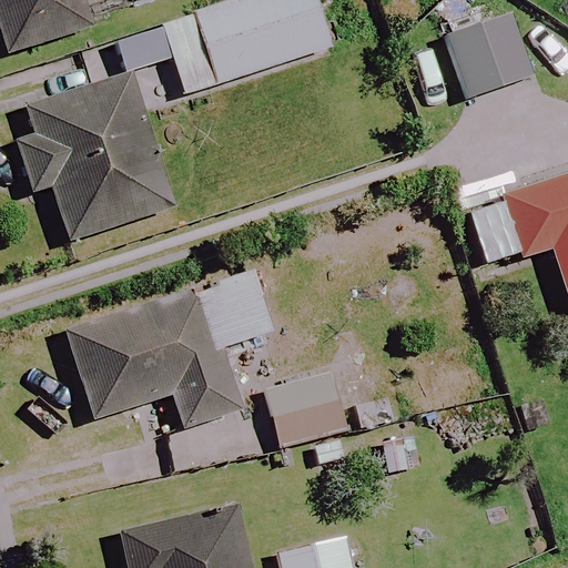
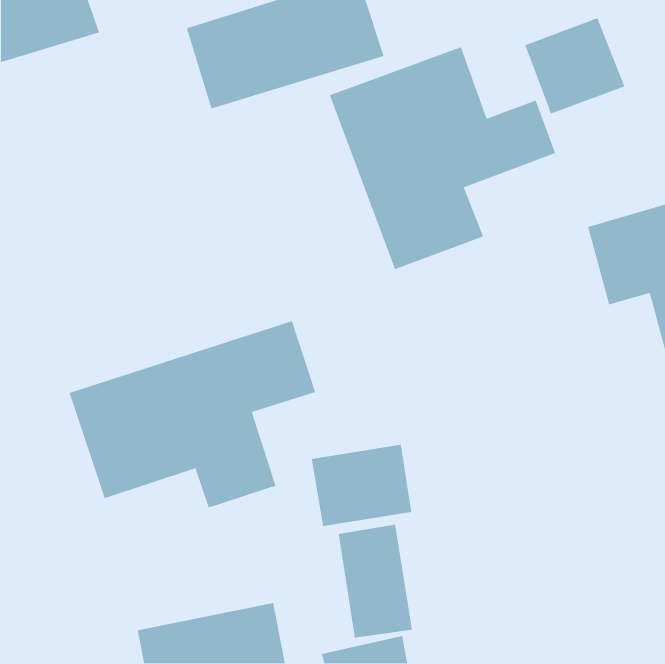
building: none -> [329,46,556,270]
building: [16,73,171,241] -> none
building: none -> [338,524,413,638]

